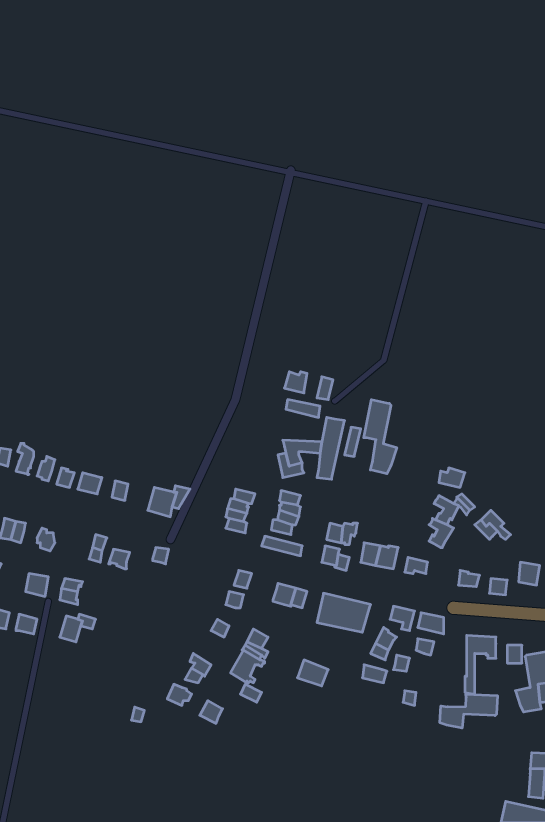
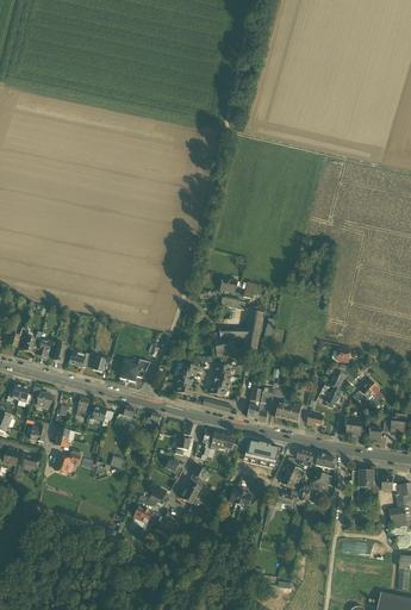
building: [364,400,397,474] -> none
building: [440,694,497,728] -> none

